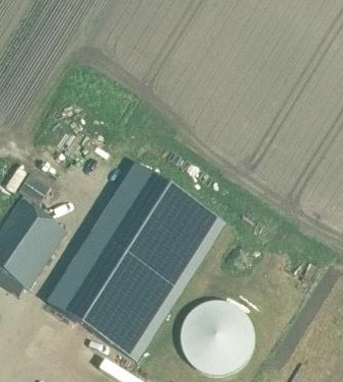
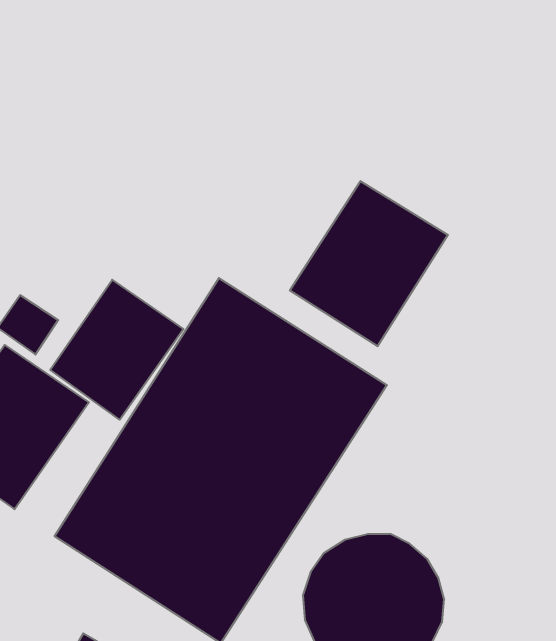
building: none -> [290,181,448,346]
building: none -> [50,280,183,420]

